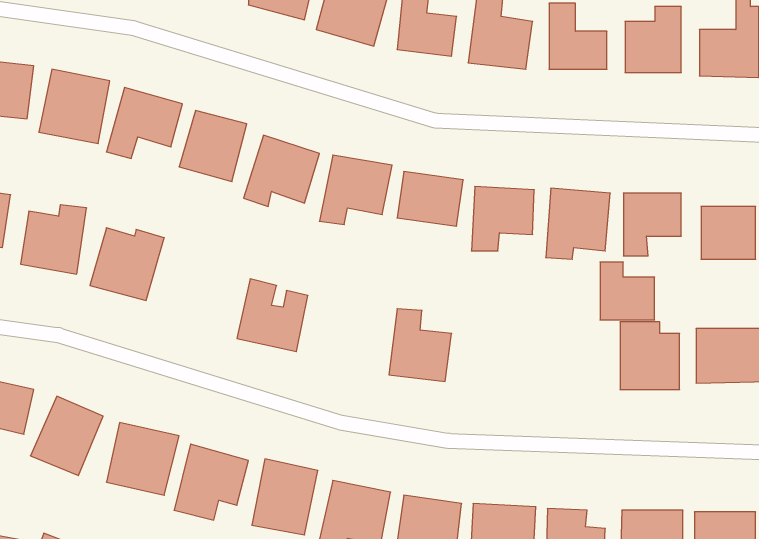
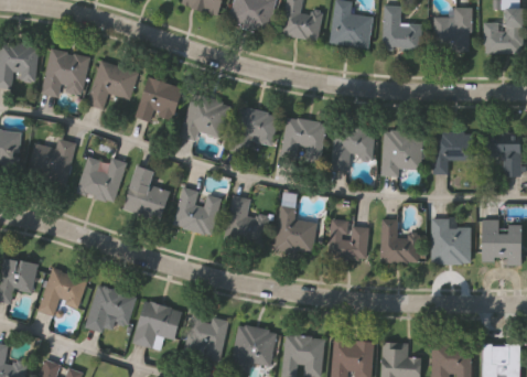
building: none -> [126,168,171,222]
building: [600,262,655,320] -> [381,223,418,261]
building: none -> [224,196,272,249]
building: none -> [329,222,367,259]

